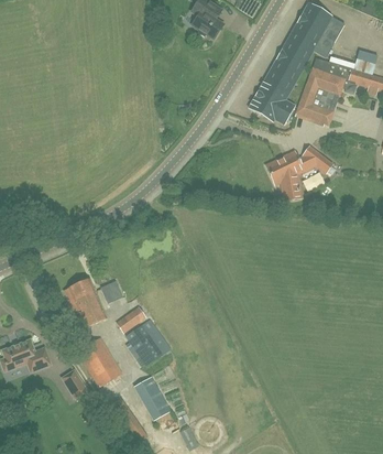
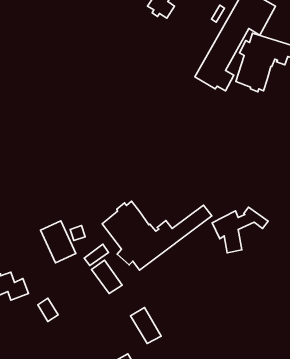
building: [266,147,332,201] -> [212,207,268,253]
building: none -> [102,201,212,270]
building: [78,337,121,387] -> none
building: [134,377,171,420] -> [130,307,161,344]

